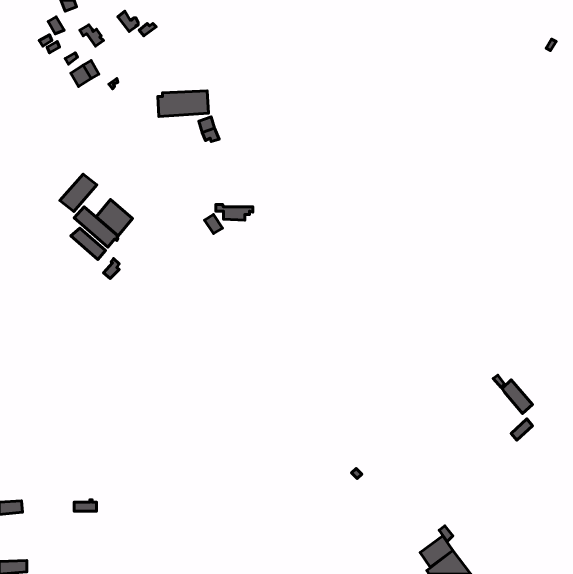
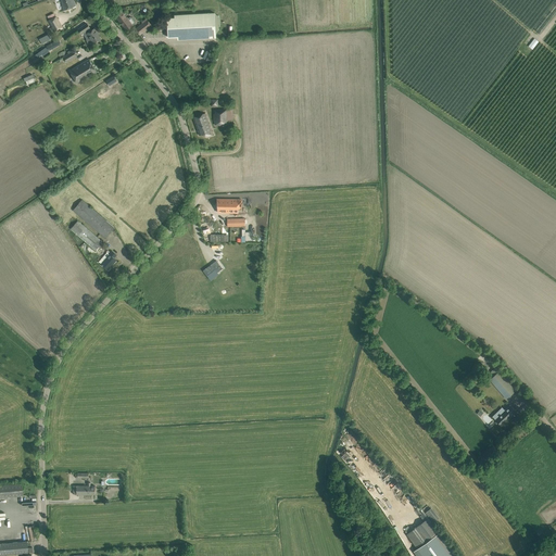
building: [158,91,208,117] -> [166,13,215,38]
building: [60,174,97,212] -> none
building: [96,199,132,236] -> none

